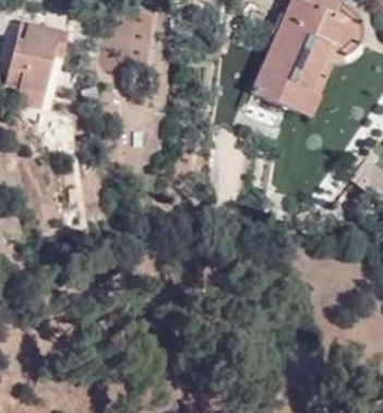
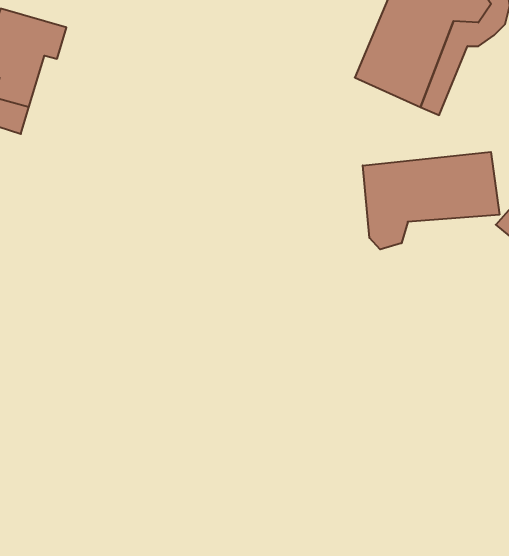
building: none -> [363,152,499,249]

